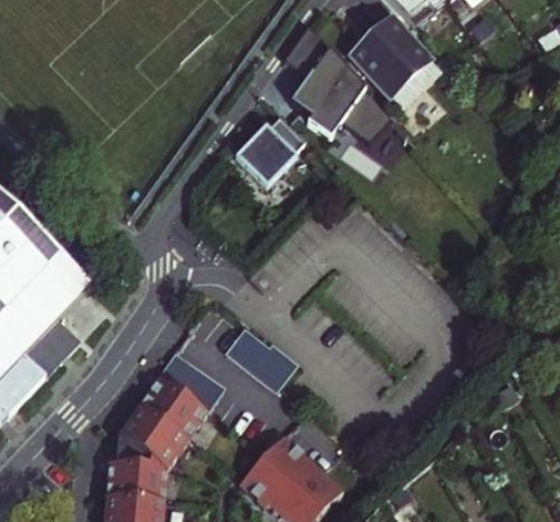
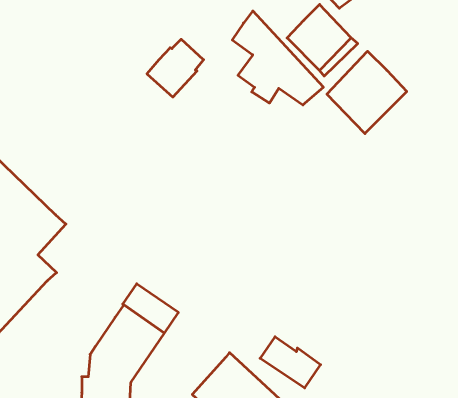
building: none -> [327,51,407,134]
building: [239,122,307,191] -> [147,39,204,97]
building: [226,329,298,390] -> [260,337,321,388]

